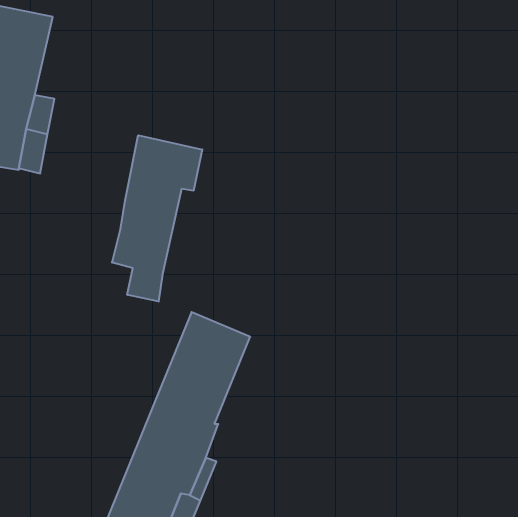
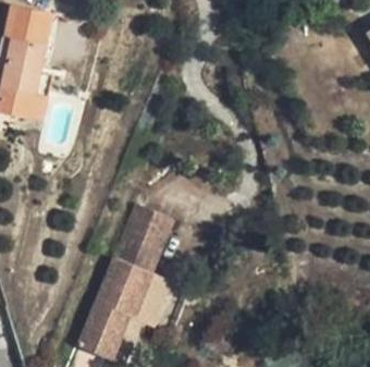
building: [112,135,202,302] -> none

